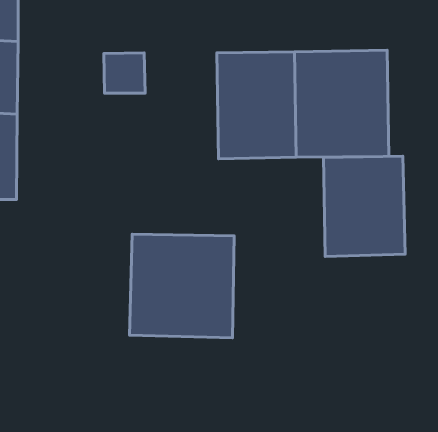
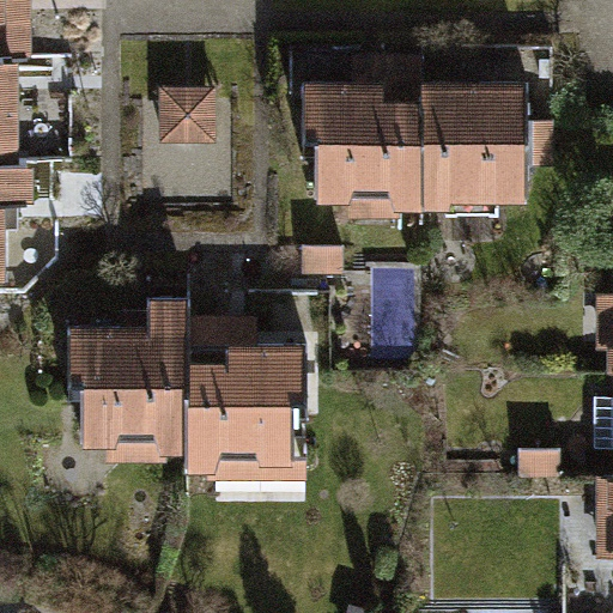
building: [324,156,405,256] -> none
building: none -> [53,322,183,465]

